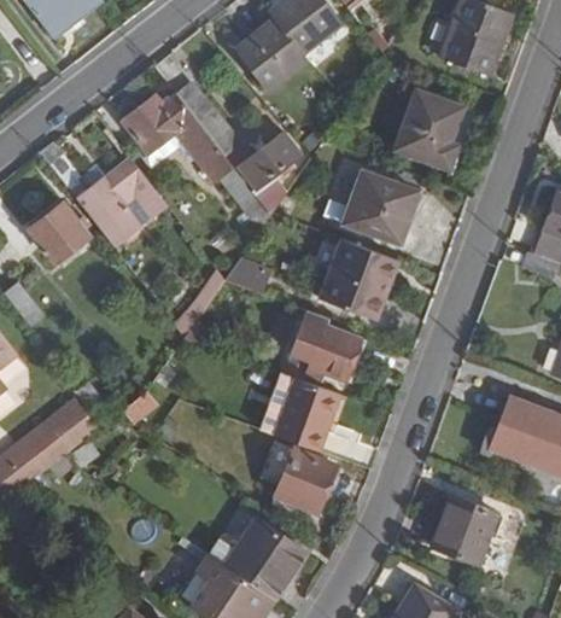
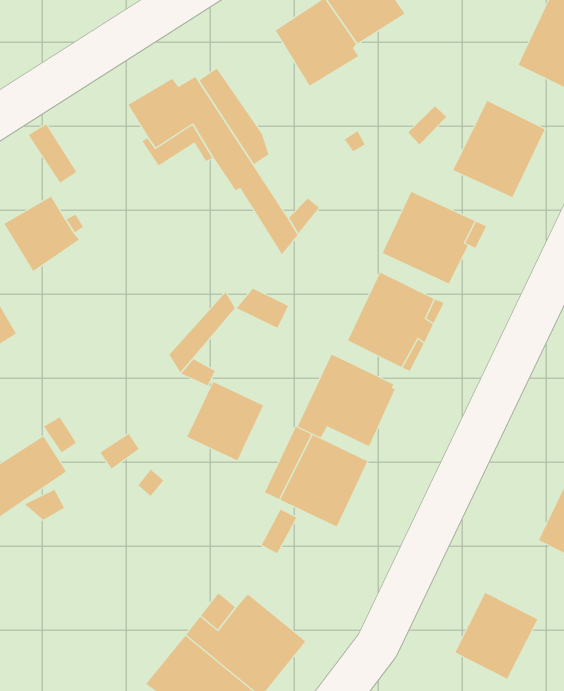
building: [239,132,299,188] -> none
building: [86,159,165,241] -> none
building: none -> [187,381,264,461]
building: [274,448,337,513] -> none

